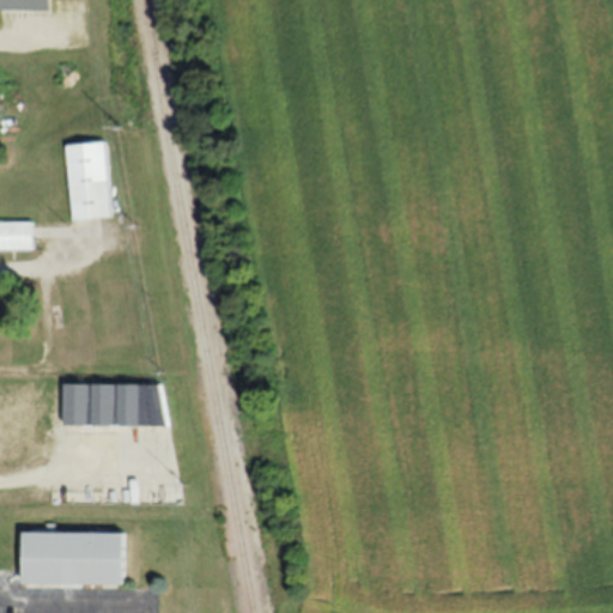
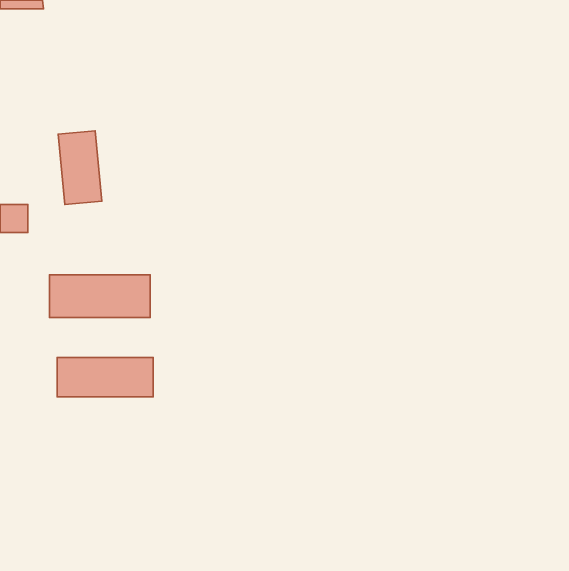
building: none -> [50,275,150,317]
building: [22,532,122,584] -> none

